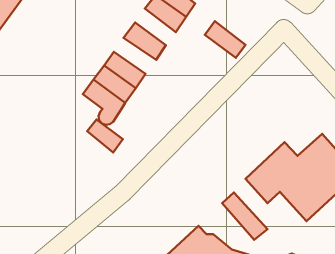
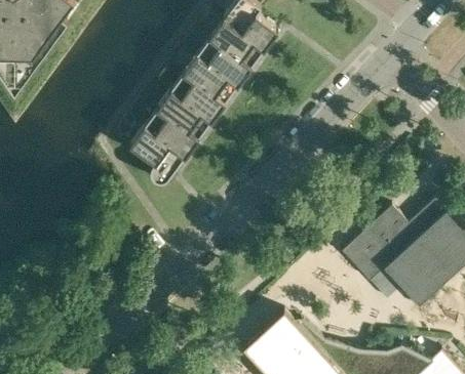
building: [205,21,246,58] -> [199,37,250,83]
building: none -> [172,74,226,119]
building: [87,119,123,152] -> none
building: [222,192,267,240] -> none

